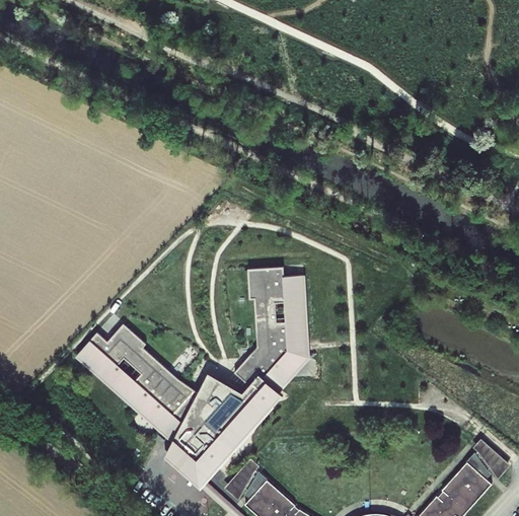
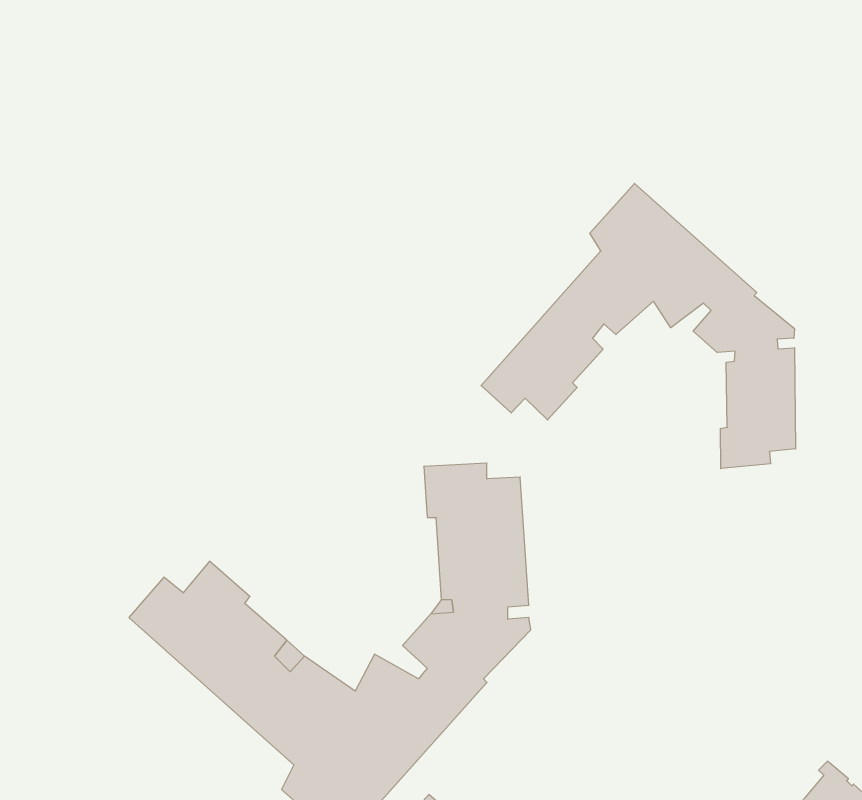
building: none -> [481,183,796,469]

